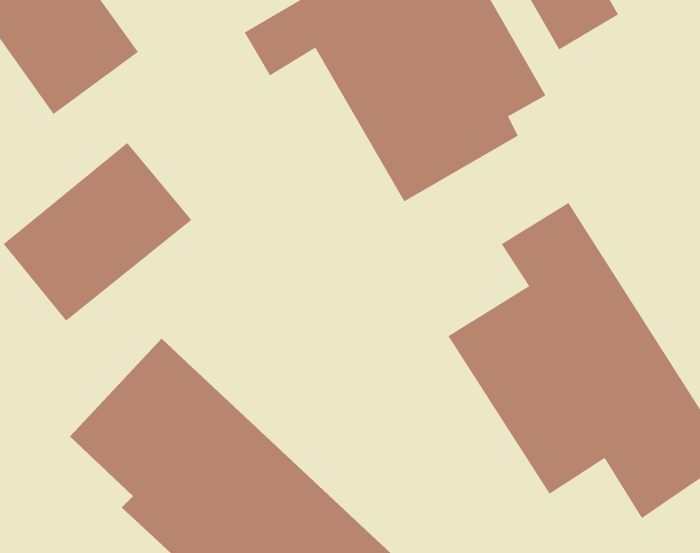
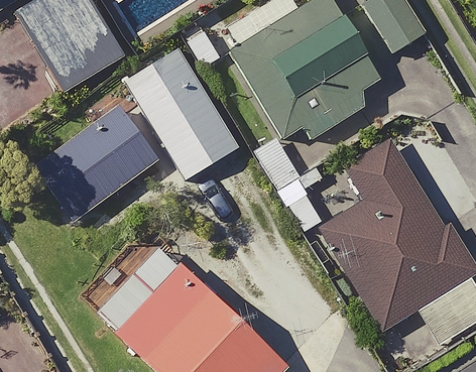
building: none -> [134,57,249,190]

